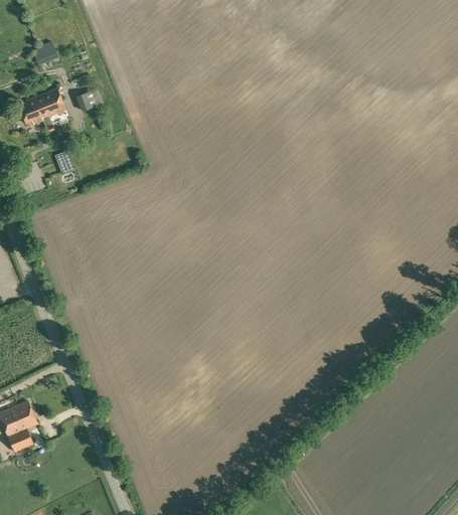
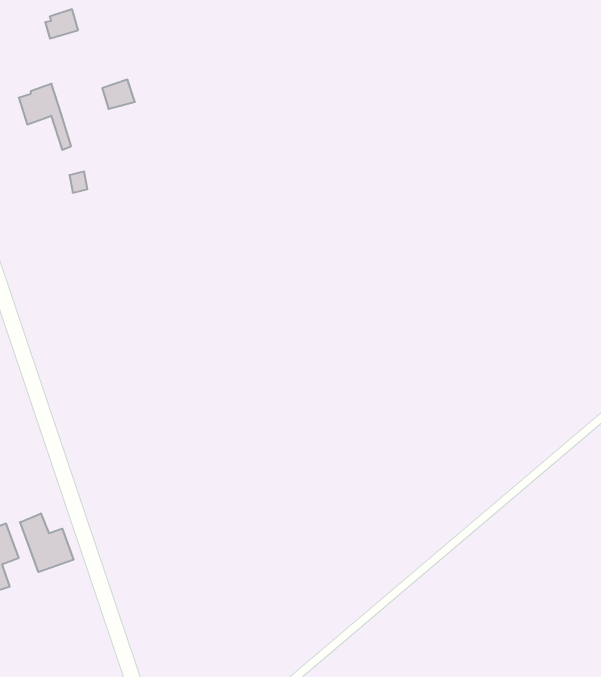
building: [40,90,65,117] -> none
building: none -> [20,513,74,572]

